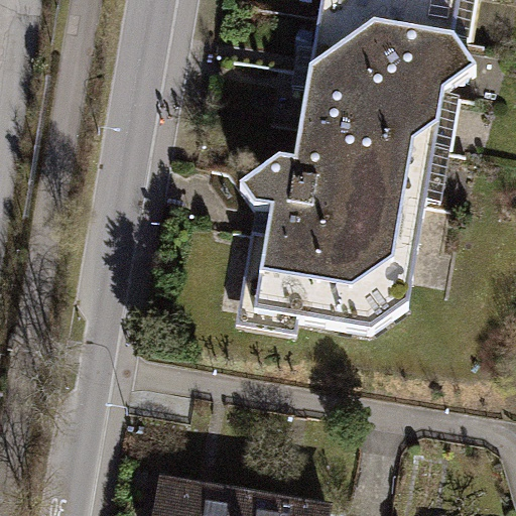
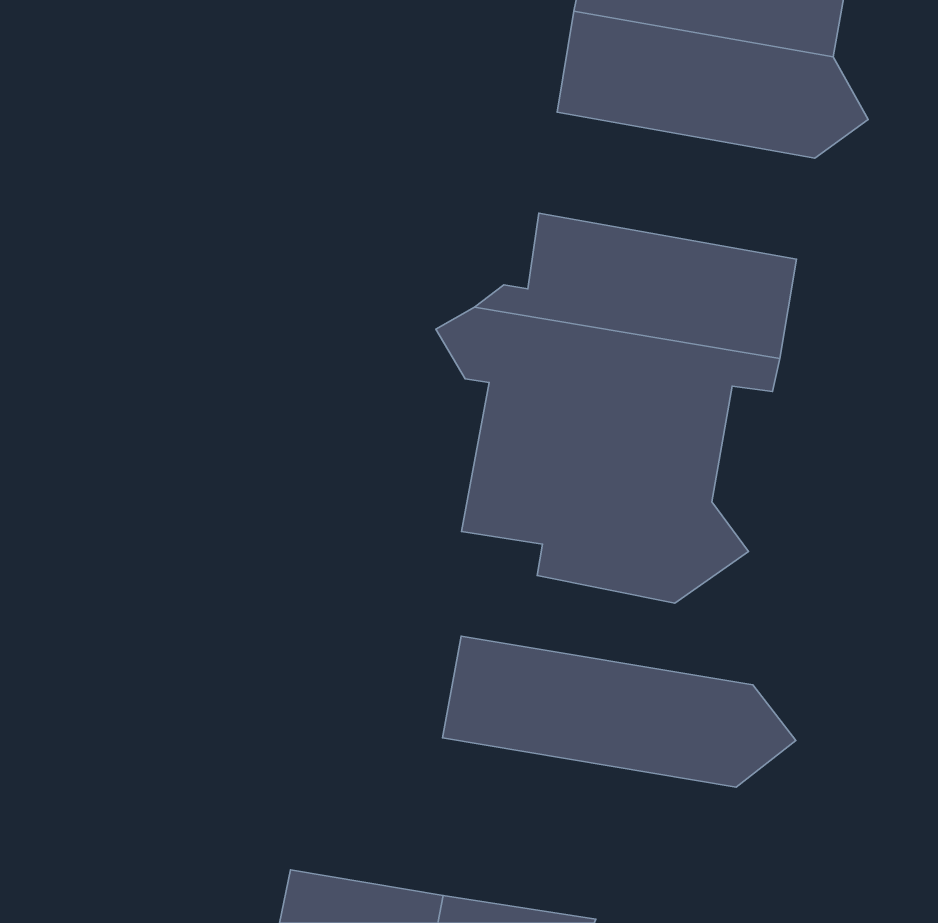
building: [295,61,446,142] -> none
building: none -> [443,636,796,787]

